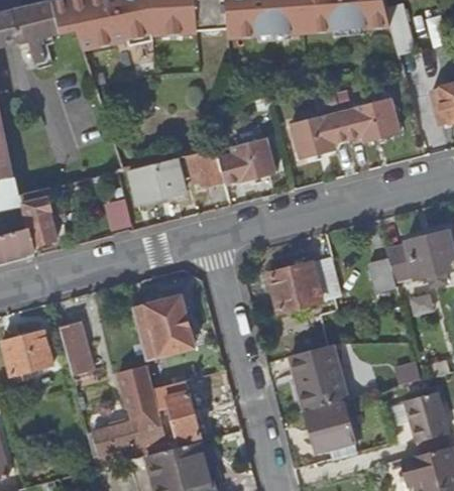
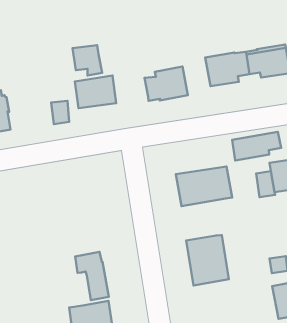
building: [184,146,224,186] -> [73,45,102,75]
building: none -> [232,132,281,161]
building: [131,297,193,361] -> none
building: [59,323,92,377] -> none
building: [92,365,165,456] -> none
building: [306,403,353,452] -> none

